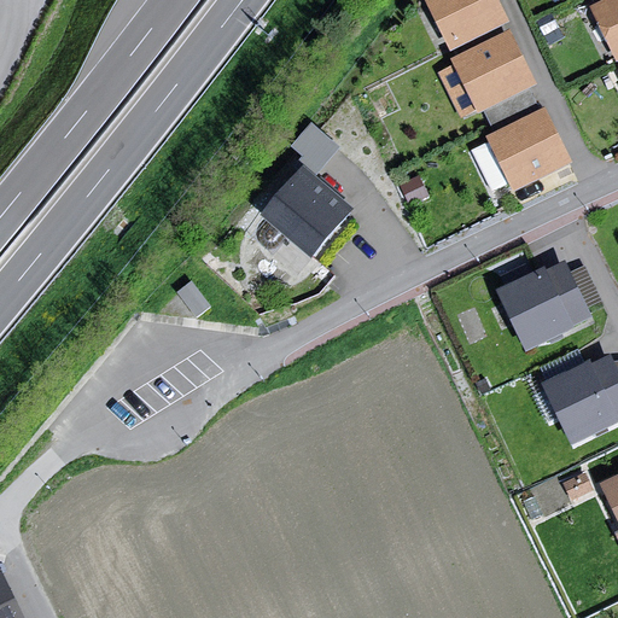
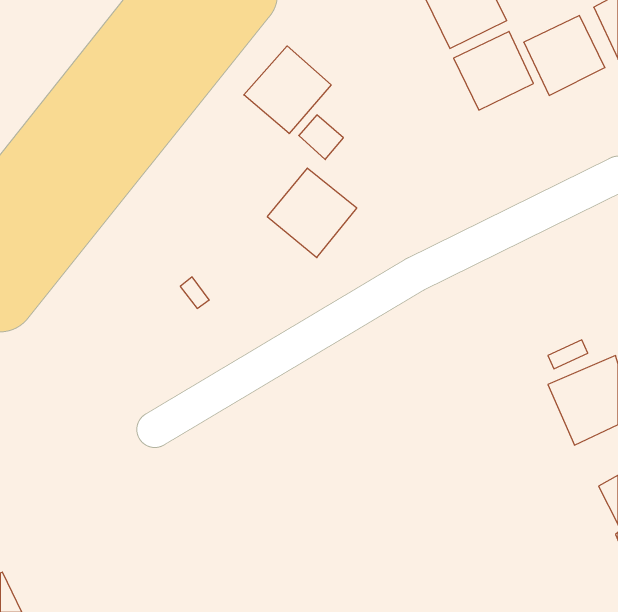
building: none -> [244,46,331,134]
building: [488,110,569,190] -> [524,16,605,95]
building: [495,261,589,350] -> none

